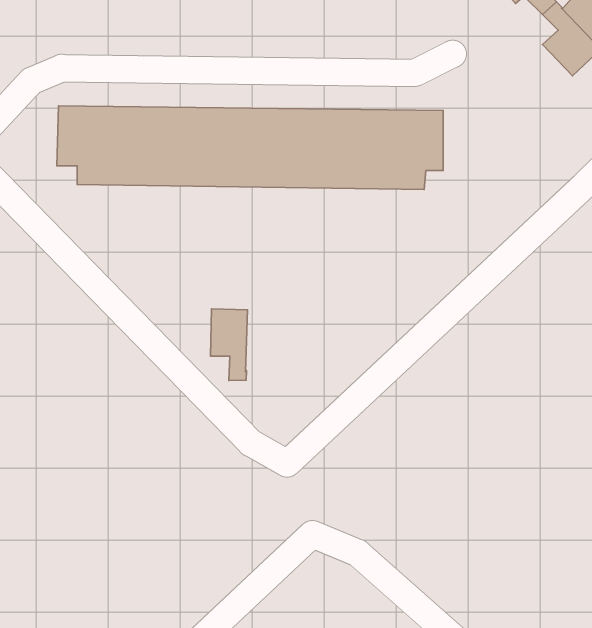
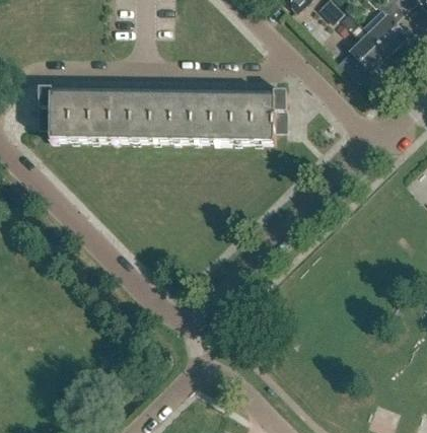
building: [210,309,247,380] -> none

